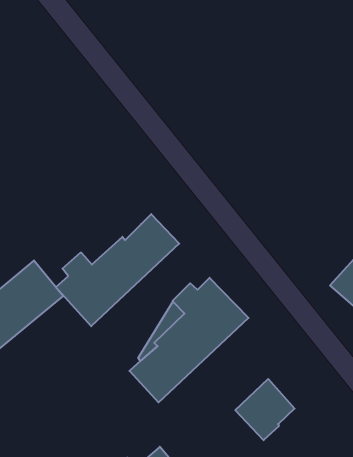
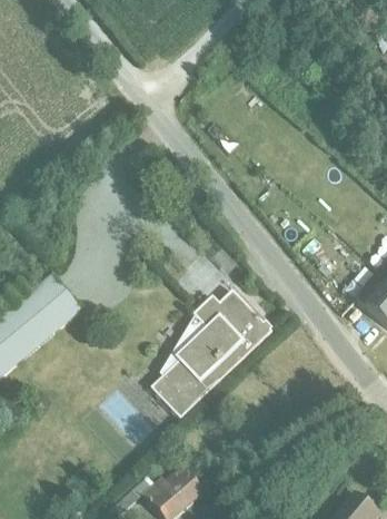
building: [56,214,179,326] -> none
building: [235,379,295,440] -> none

